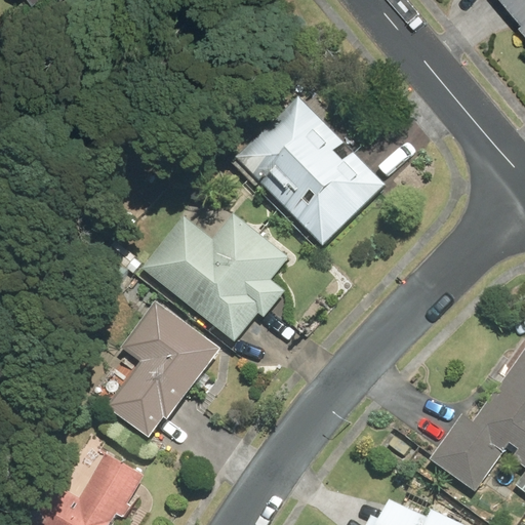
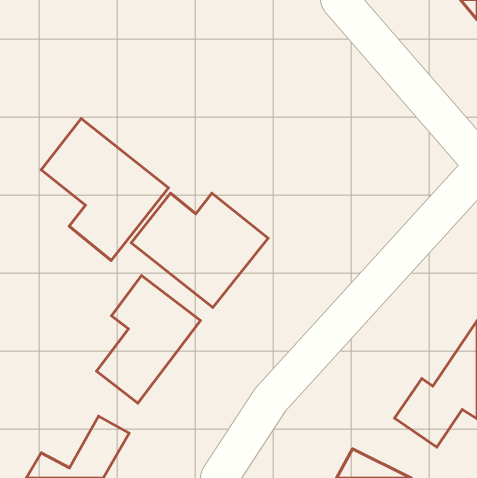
building: [238,102,385,246] -> none
building: none -> [41,119,169,260]

